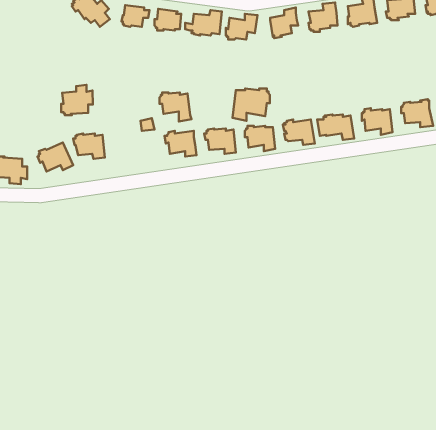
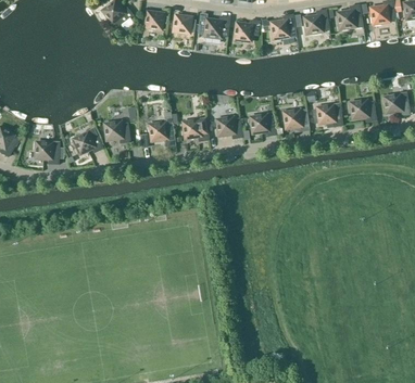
building: [61,85,93,115] -> none
building: [233,88,270,121] -> none
building: [160,92,191,122] -> [148,123,175,148]

